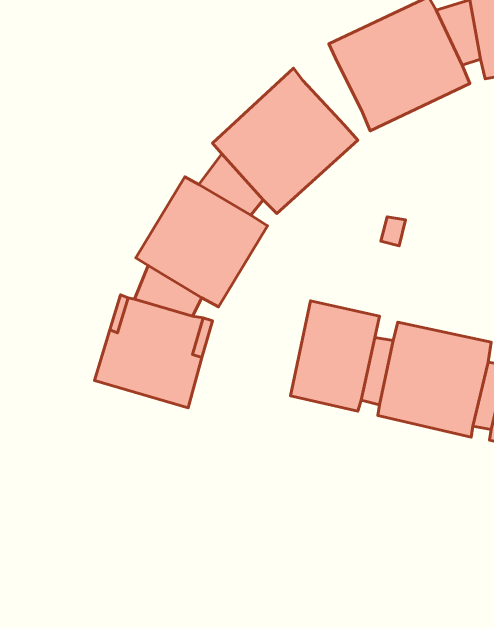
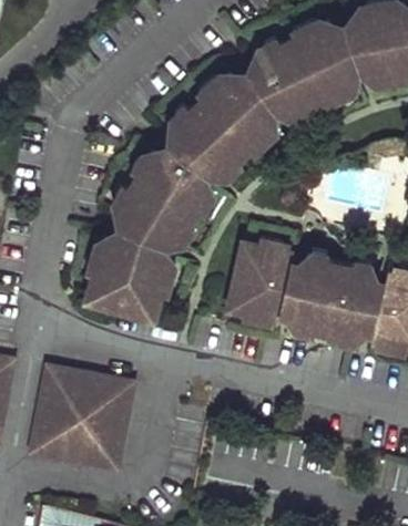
building: none -> [234,68,277,116]
building: none -> [27,369,131,473]

